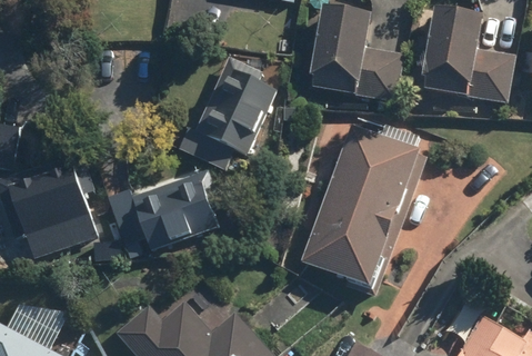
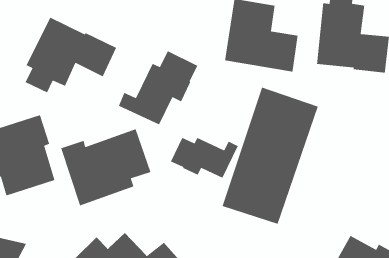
building: none -> [25,16,117,93]
building: none -> [170,137,239,179]

